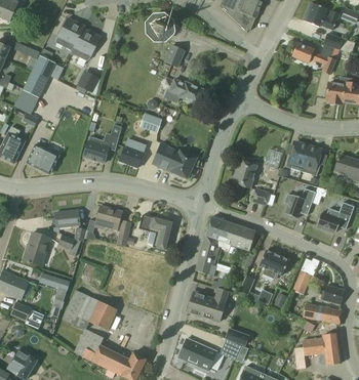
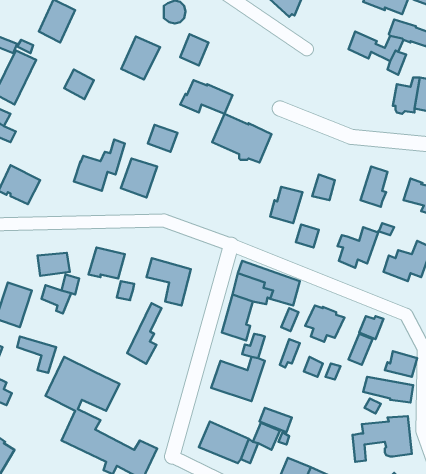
building: [72,28,102,60] -> [121,36,160,80]
building: [286,140,310,170] -> none
building: [152,142,197,179] -> [212,114,272,162]
building: none -> [127,303,161,364]

